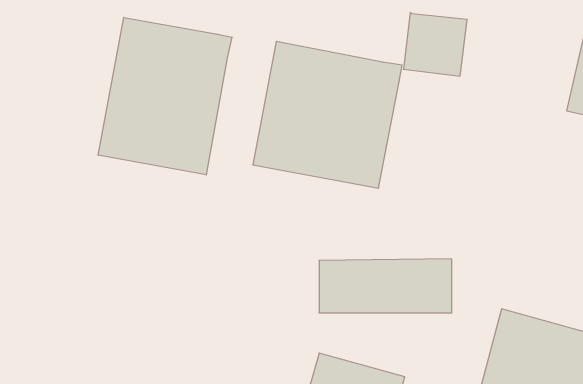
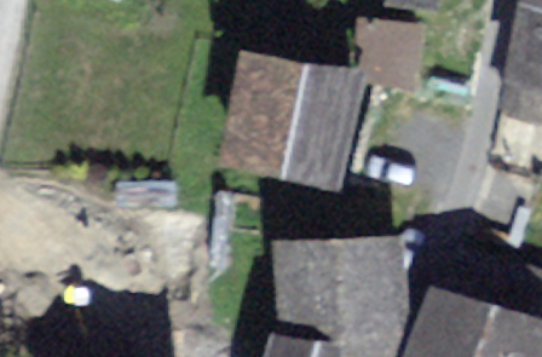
building: [98,17,232,175] -> none
building: none -> [284,289,400,345]

